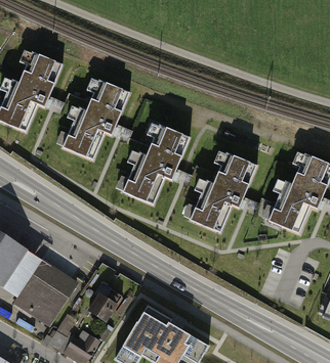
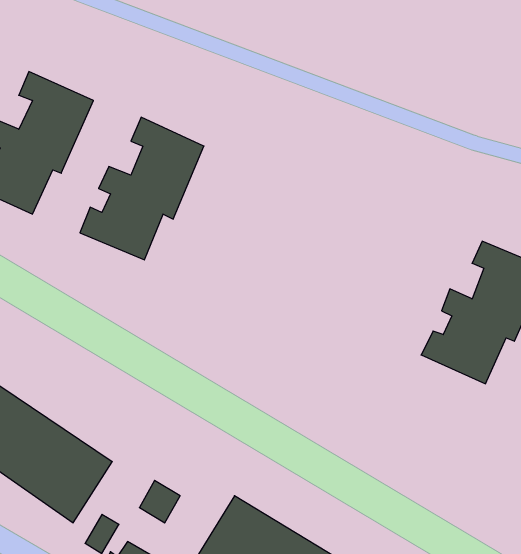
building: [114,121,189,207] -> none
building: [182,151,257,236] -> none

